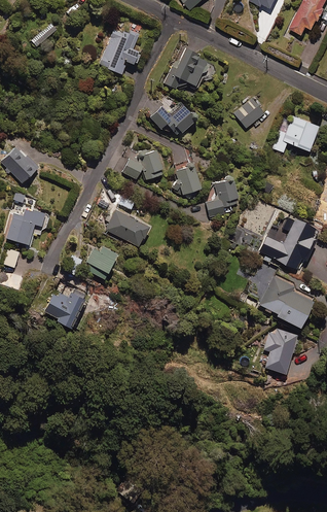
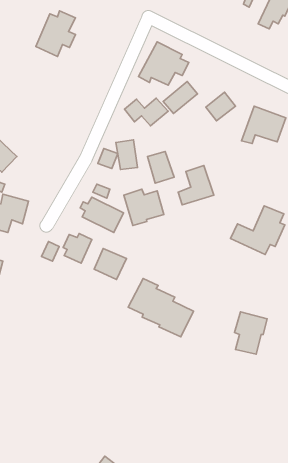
building: [99,26,140,73] -> [36,11,75,56]
building: none -> [163,82,197,114]
building: none -> [124,189,164,226]
building: none -> [94,249,127,279]
building: [246,264,314,325] -> [128,278,194,337]
building: [44,287,85,325] -> none

